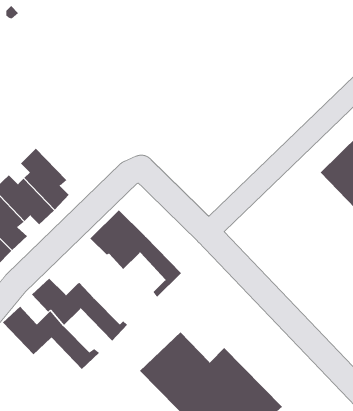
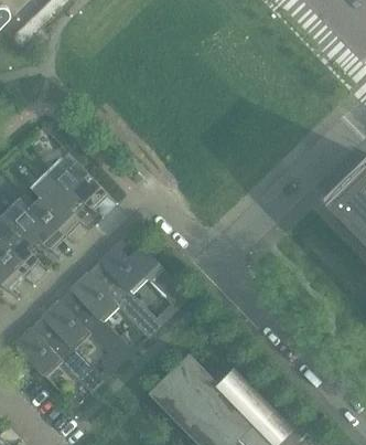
building: none -> [45,159,106,209]
building: none -> [69,274,164,337]

